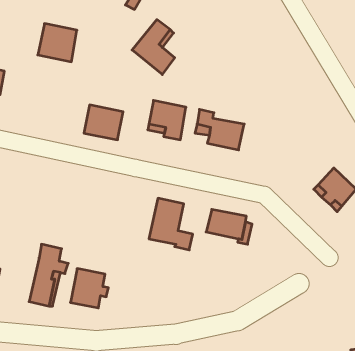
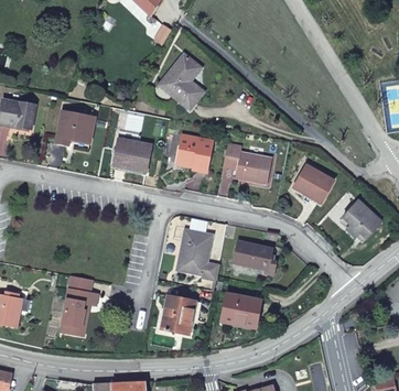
building: [38,24,77,62] -> [55,109,94,146]
building: none -> [293,164,333,199]
building: none -> [222,294,259,323]
building: [70,269,108,308] -> [161,294,198,333]

